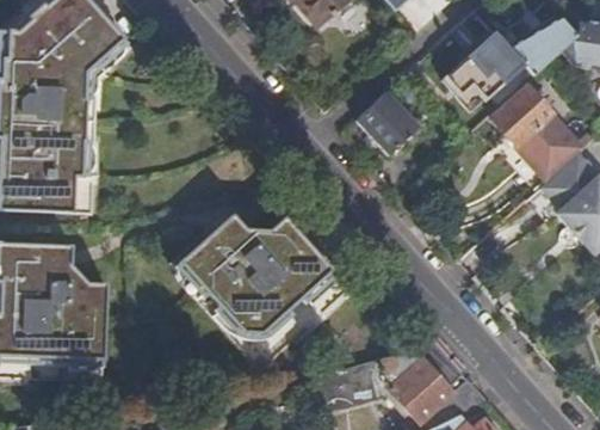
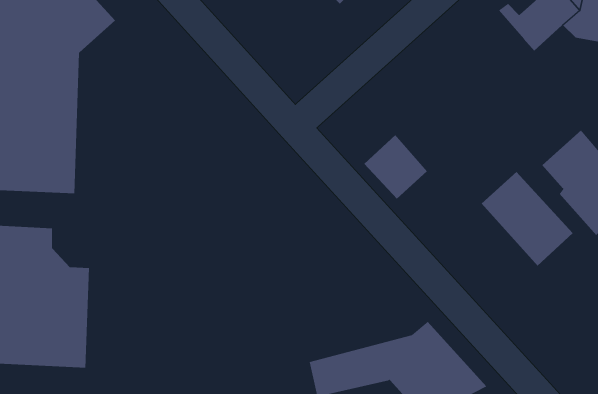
building: [443,31,521,110] -> none
building: [491,86,581,178] -> [481,171,574,266]
building: [355,90,417,153] -> [363,134,428,200]
building: [169,214,348,368] -> none

